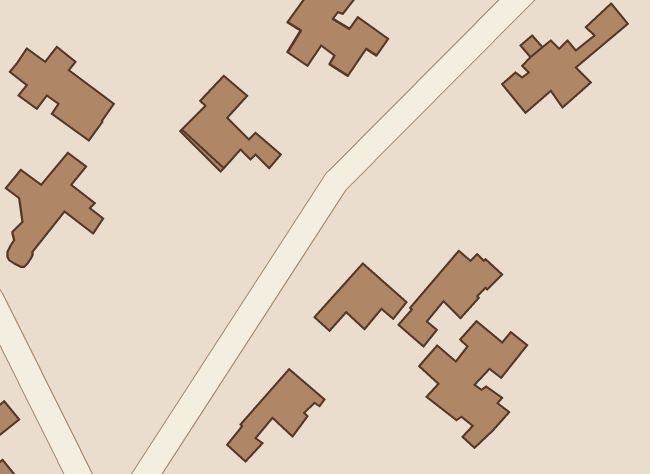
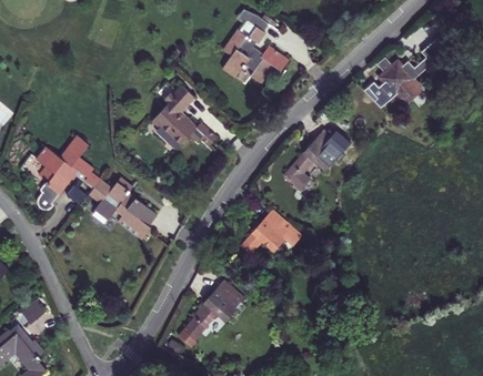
building: [10,47,114,141] -> [89,177,158,240]
building: [398,251,502,347] -> [283,126,352,190]
building: [419,321,527,448] -> none

